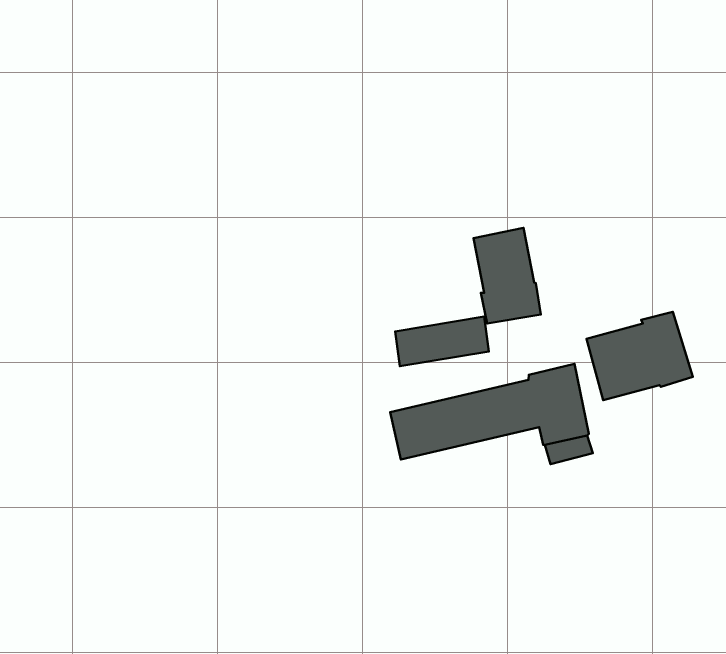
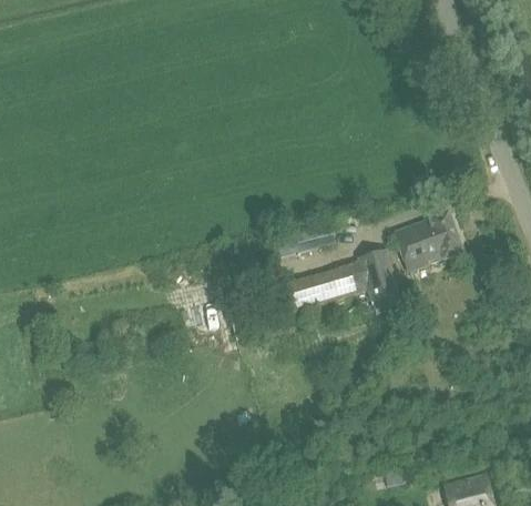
building: [474,228,541,323] -> none

